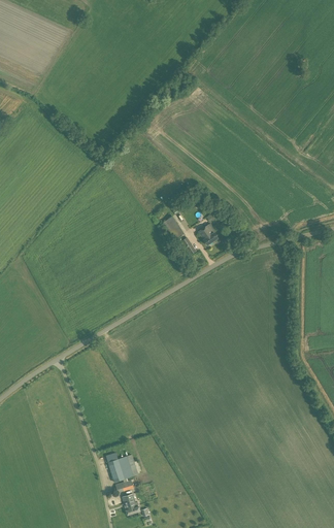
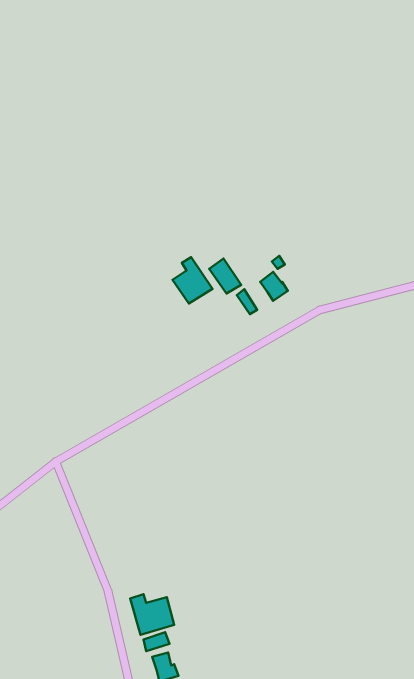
building: none -> [173,257,212,304]

